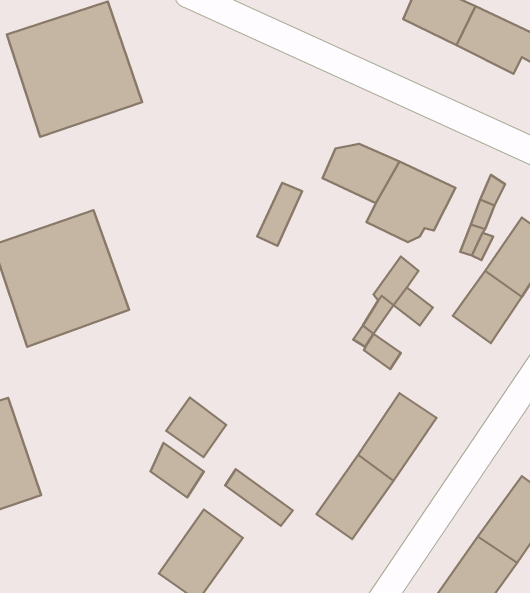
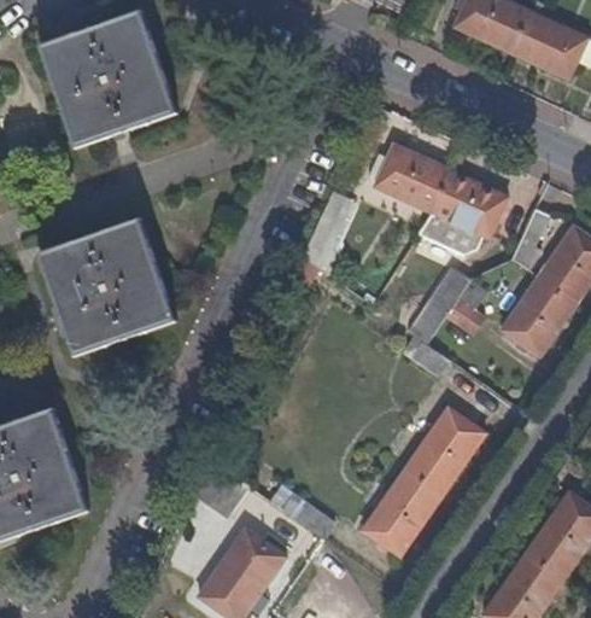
building: [166,397,226,457] -> none

